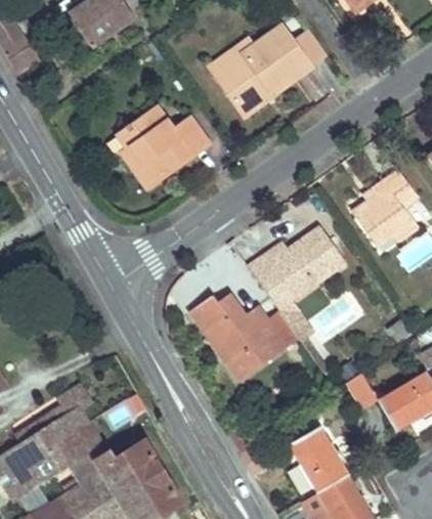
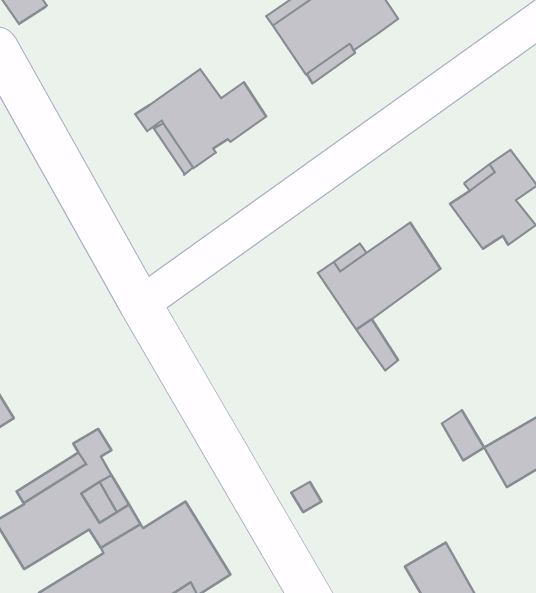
building: [188,294,287,378] -> none
building: [288,426,348,491] -> none

